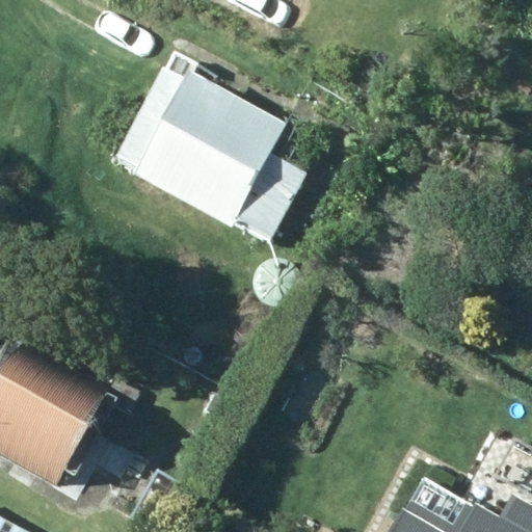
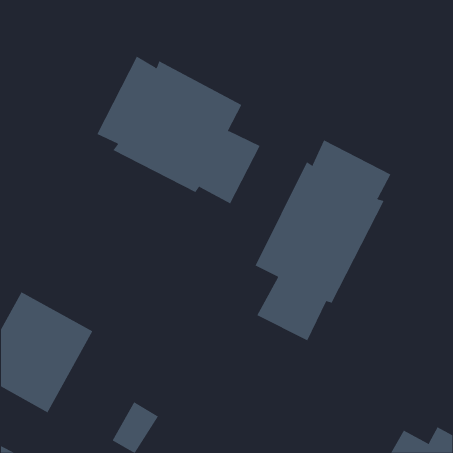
building: none -> [255,140,391,341]

